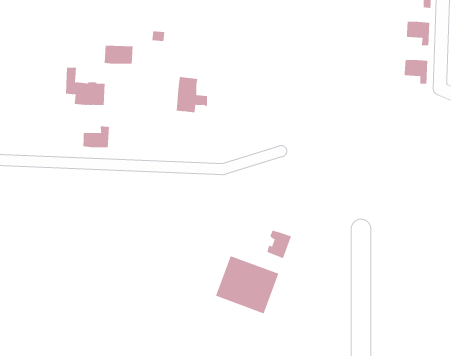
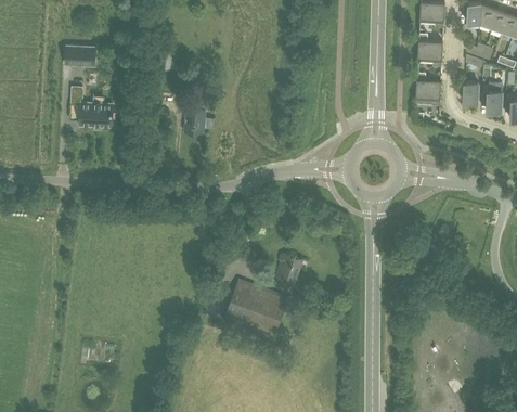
building: [104,45,134,64] -> [65,46,95,65]
building: [83,125,109,148] -> none

